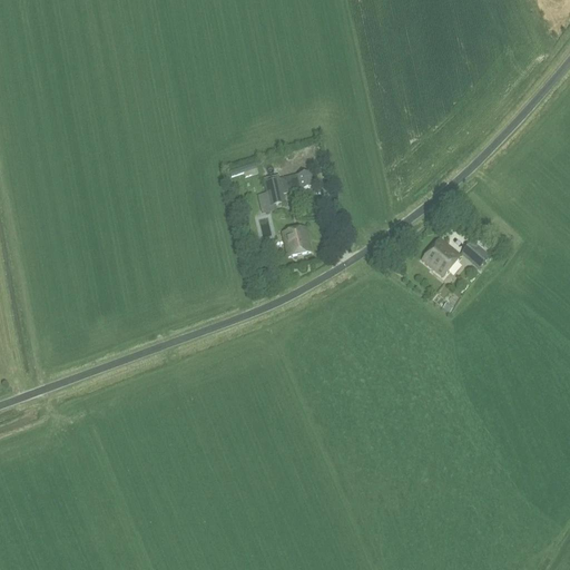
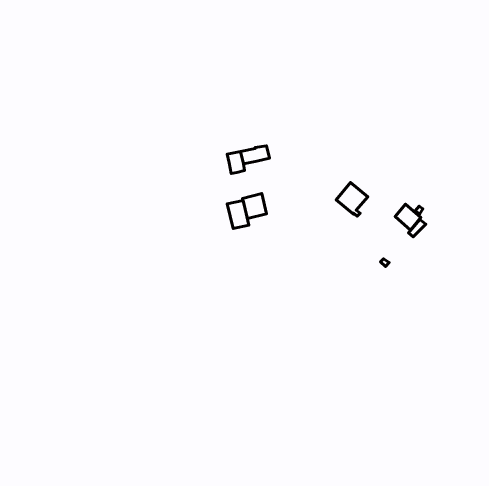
building: none -> [227,200,249,229]
building: [422,237,459,276] -> [336,183,368,216]

